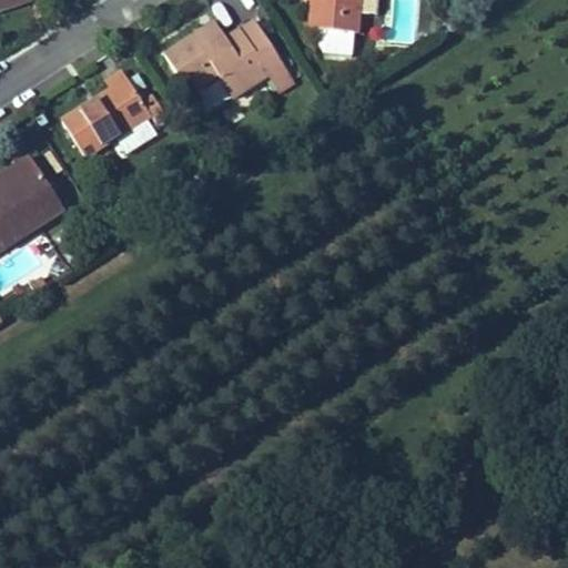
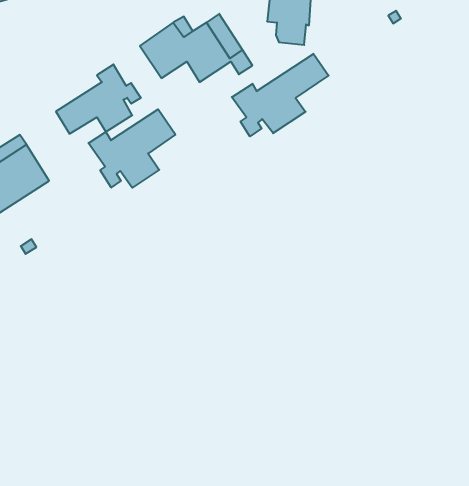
building: none -> [232,54,329,136]
building: none -> [88,109,175,188]

